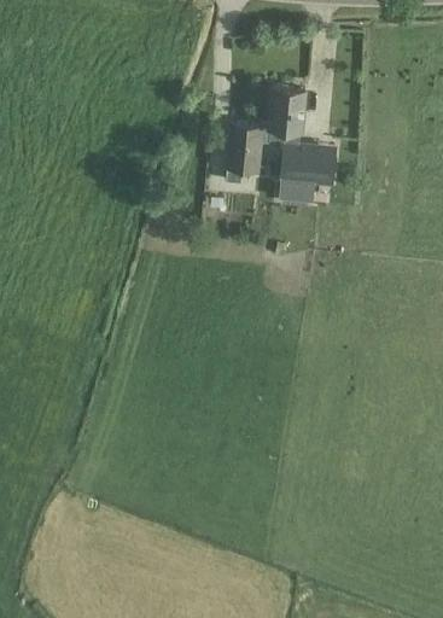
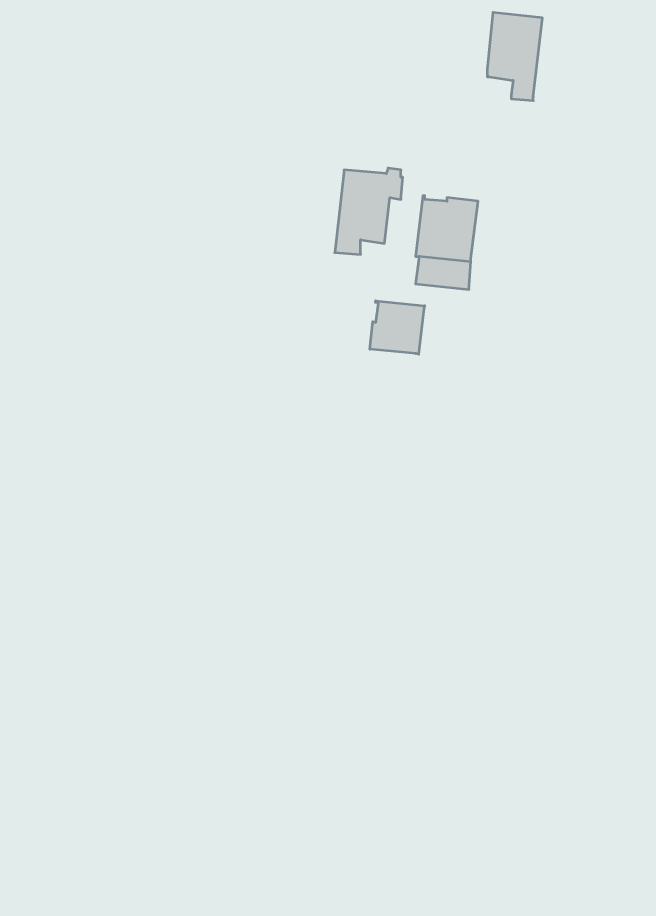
building: [269,88,305,146] -> [487,12,542,101]
building: none -> [370,301,425,354]

